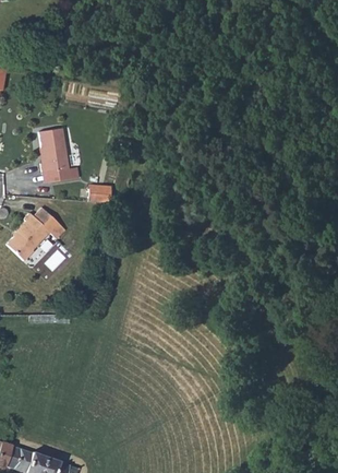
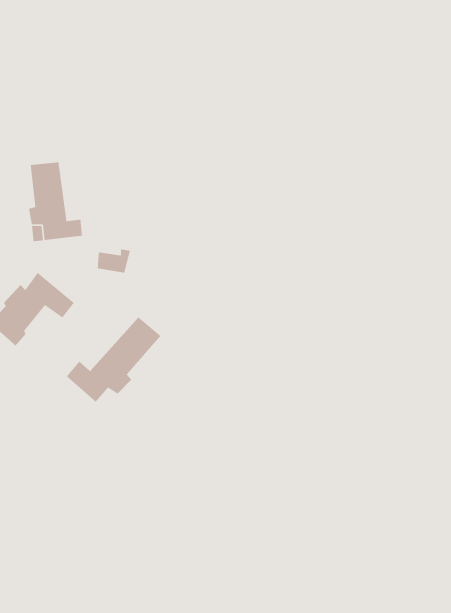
building: none -> [66,316,161,403]

